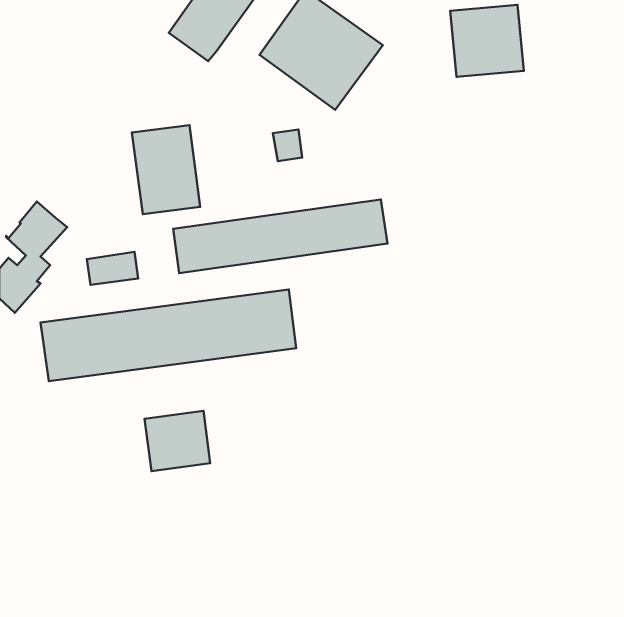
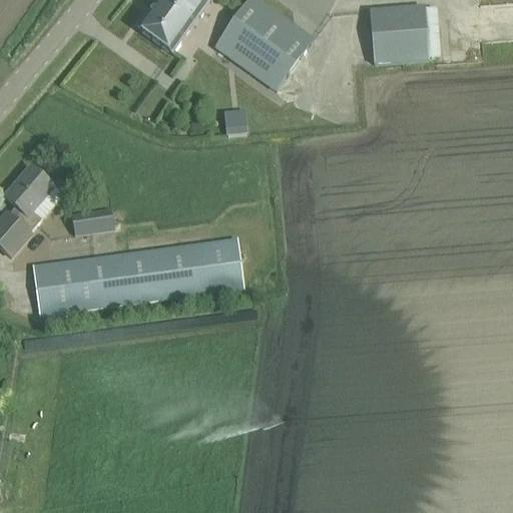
building: [132,125,200,214] -> none
building: [173,199,388,273] -> none
building: [145,411,210,471] -> none

